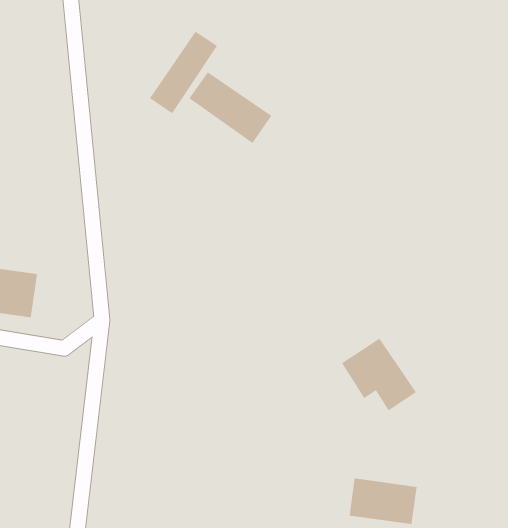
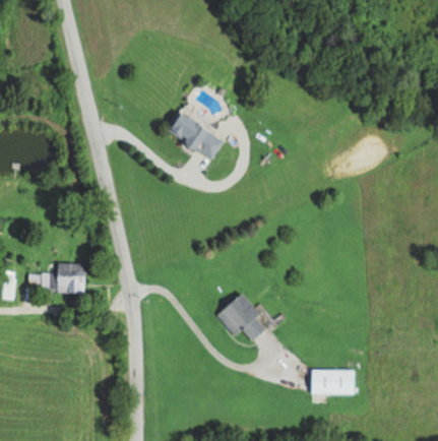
building: [149,31,218,114] -> none
building: [341,338,417,411] -> [216,294,269,341]

